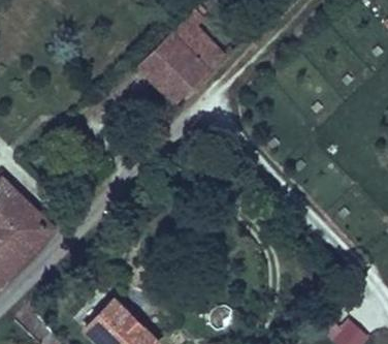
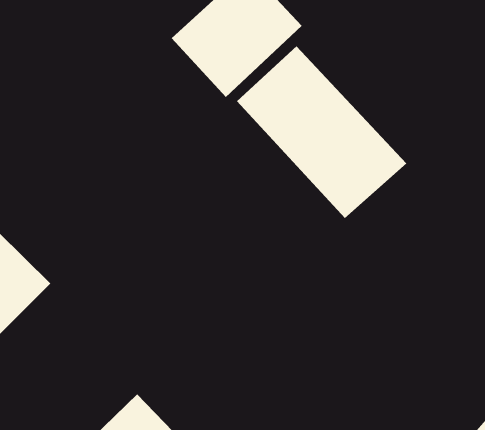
building: none -> [236,46,407,219]

